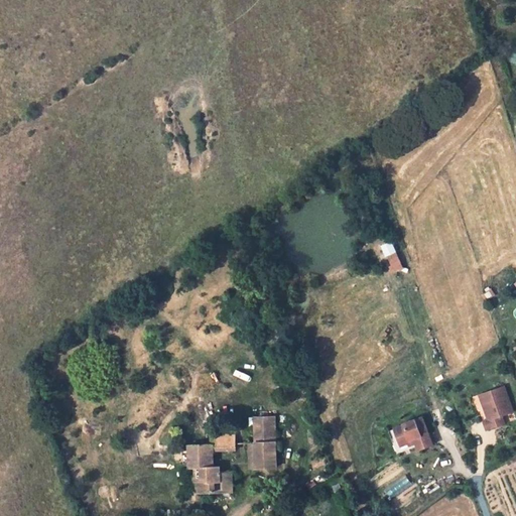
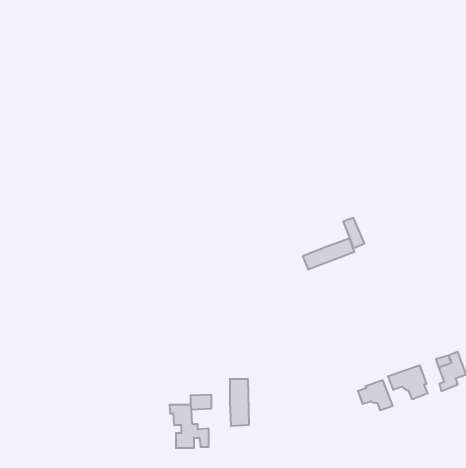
building: none -> [303,238,354,270]
building: none -> [388,365,428,399]

